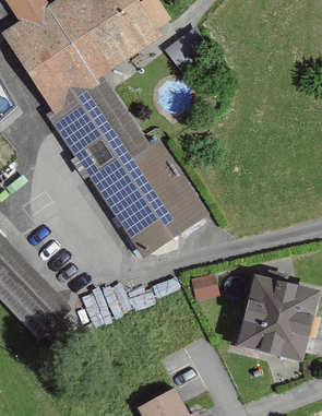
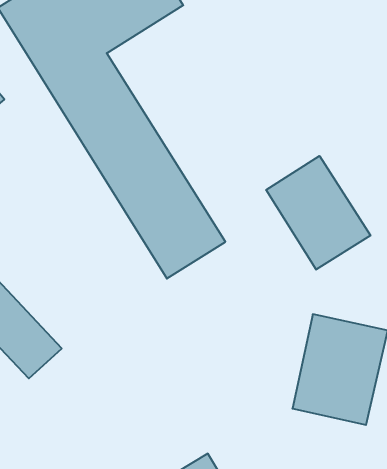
building: none -> [266,156,370,270]

